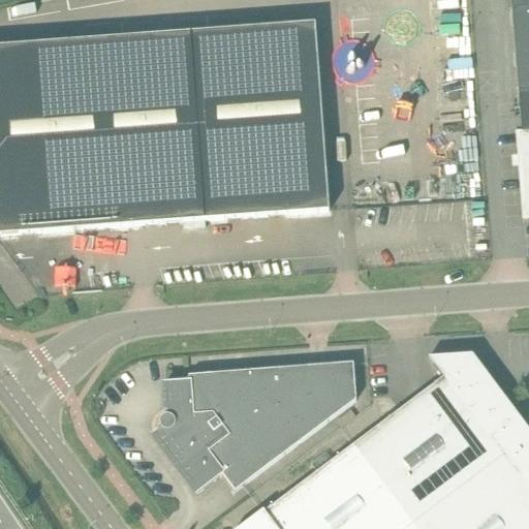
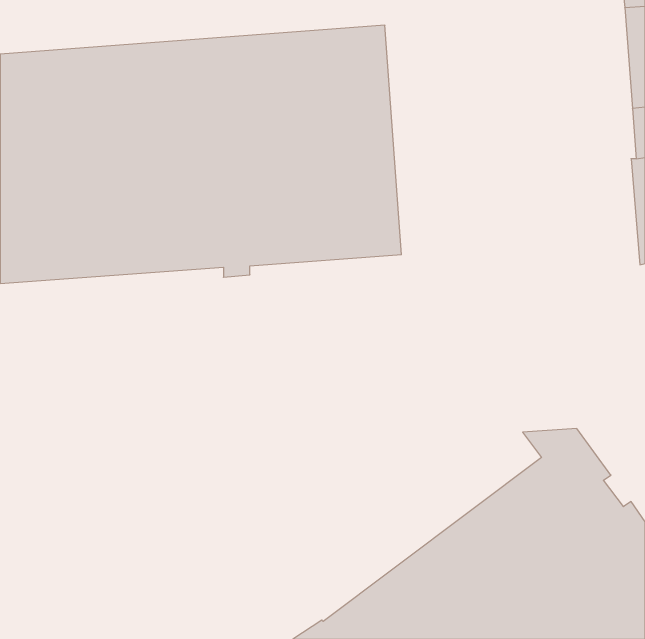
building: [153,361,355,491] -> none

